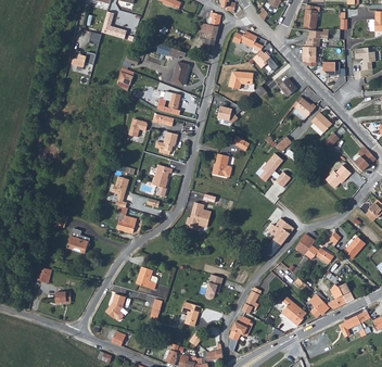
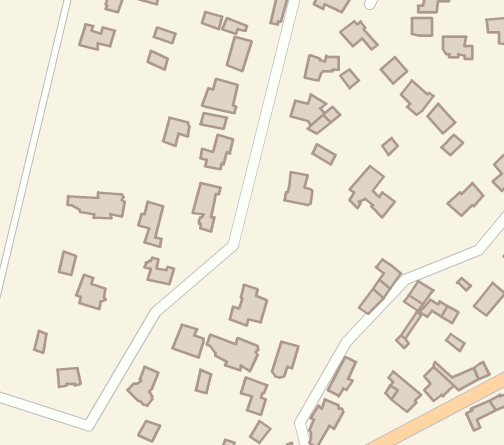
building: none -> [68,192,125,218]
building: [183,200,209,228] -> [230,285,267,325]
building: none -> [207,335,258,371]

